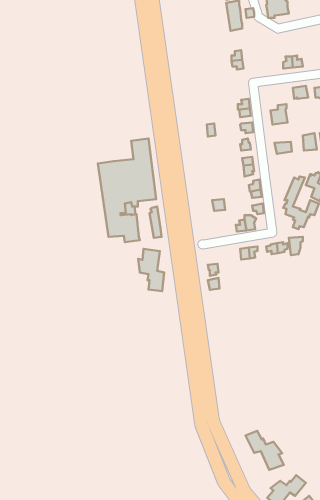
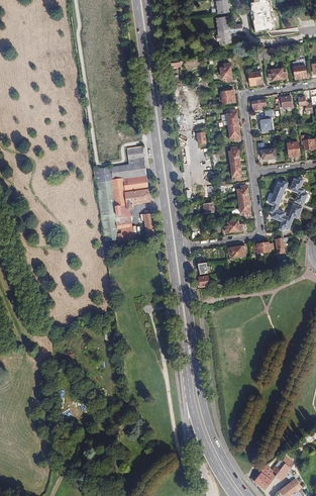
building: [138,249,164,291] -> none
building: [245,431,284,470] -> none

